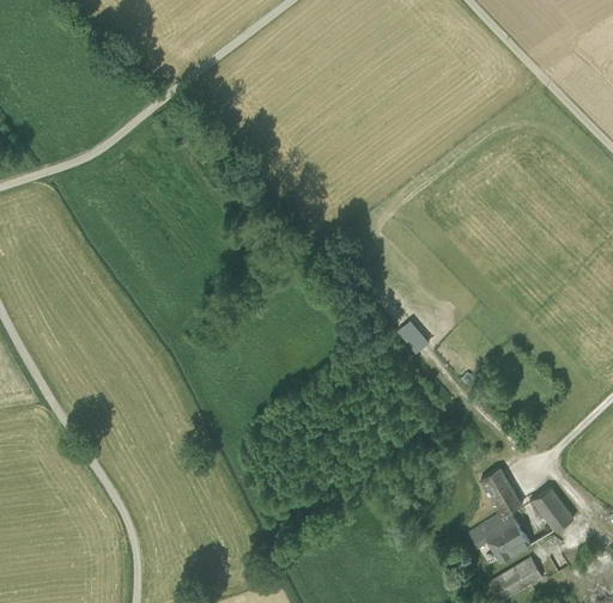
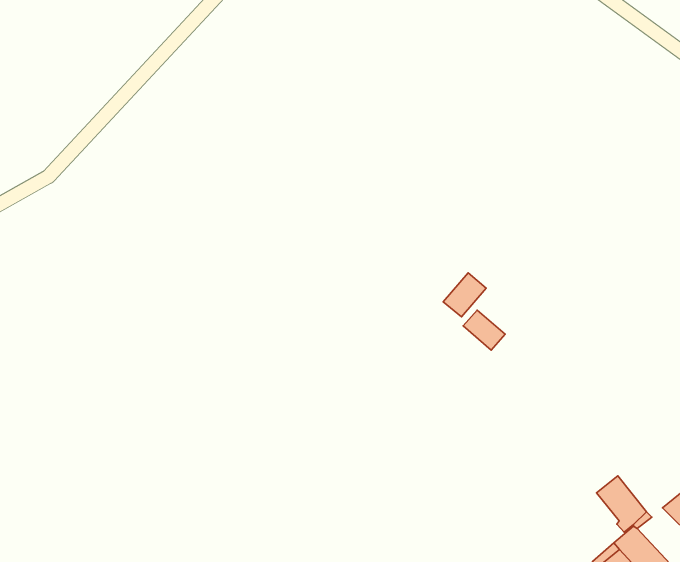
building: none -> [443,273,486,317]

